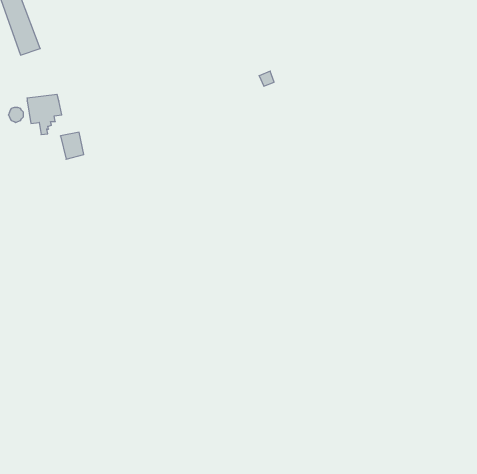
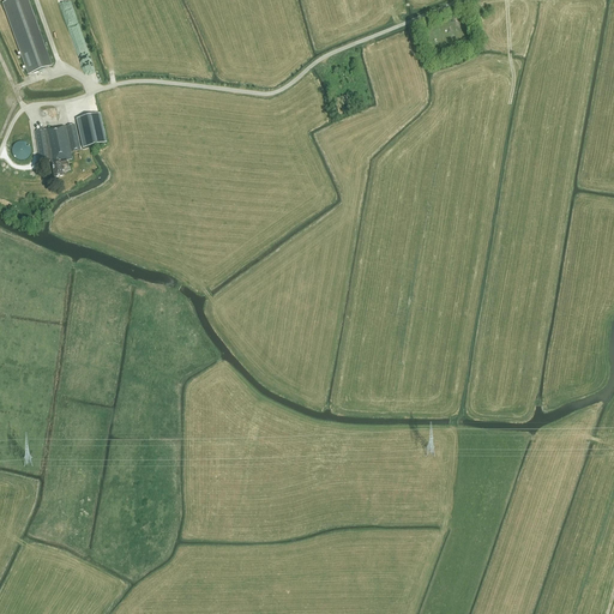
building: [60,132,84,159] -> [74,110,104,145]

